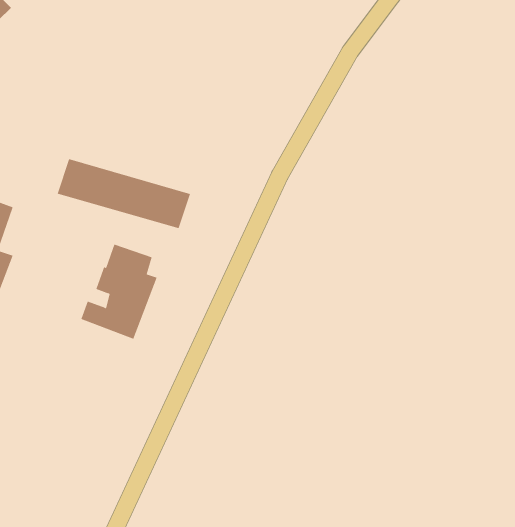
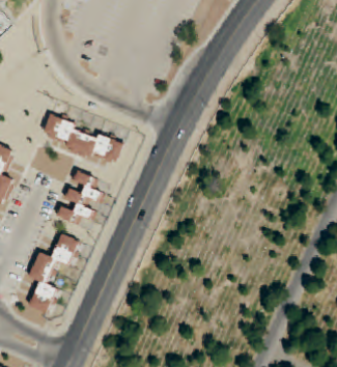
building: none -> [28,232,80,313]

